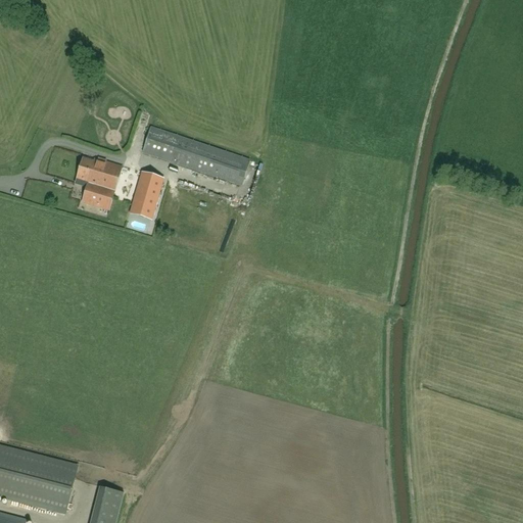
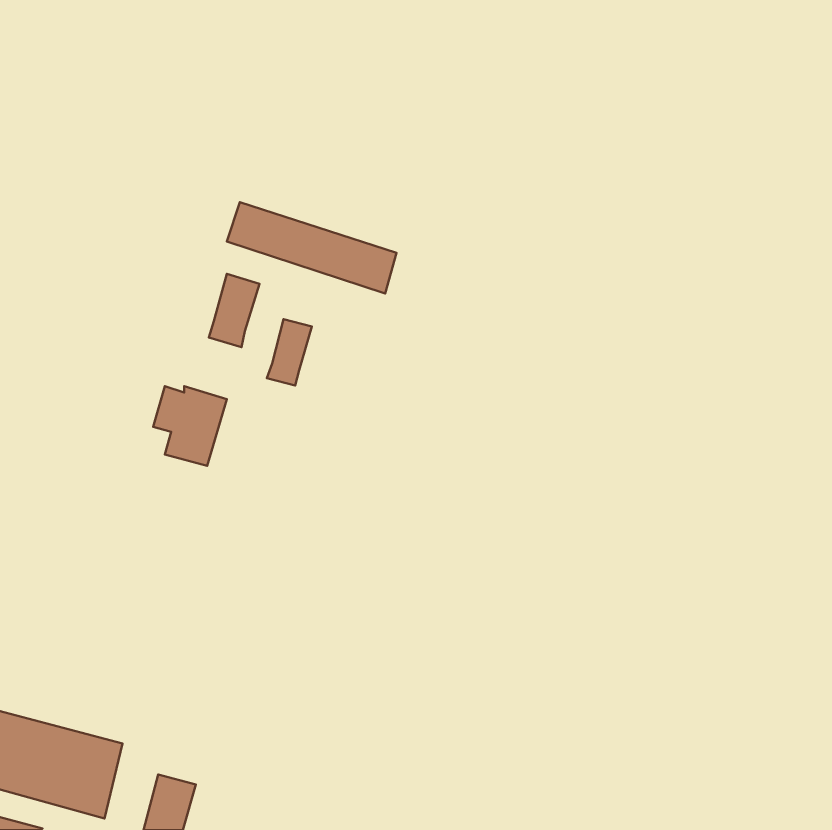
building: [75,157,121,207] -> [153,386,227,466]
building: none -> [267,319,312,386]

